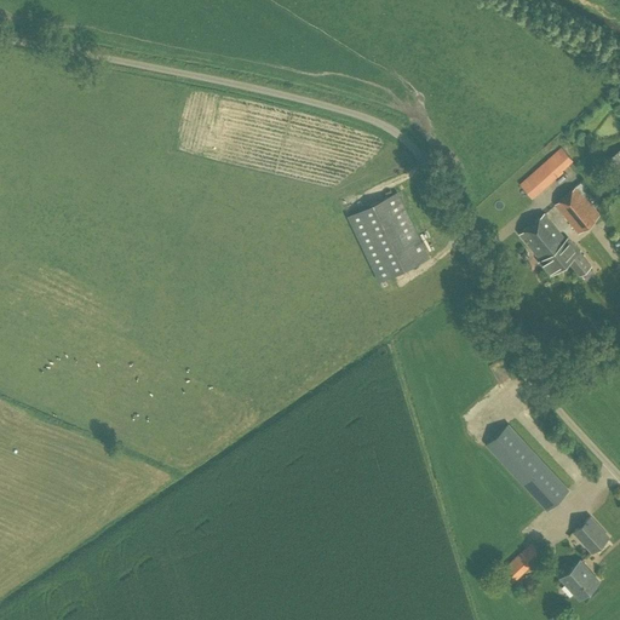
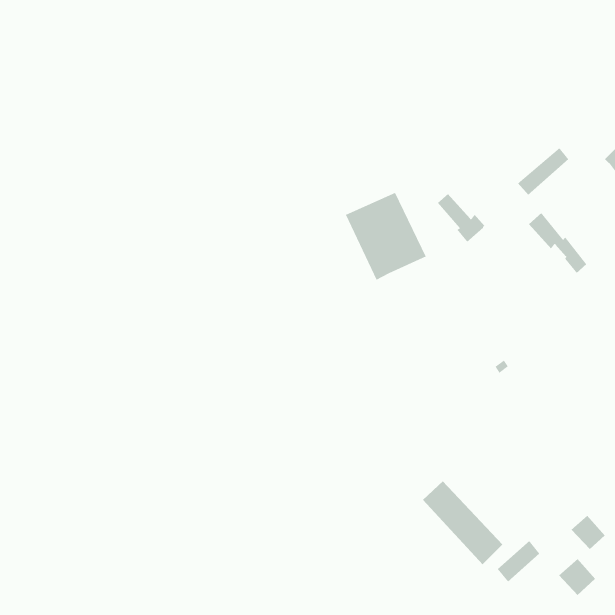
building: [556,182,601,234] -> none
building: [521,226,569,276] -> [437,193,485,243]
building: [488,426,569,511] -> [422,481,503,565]

